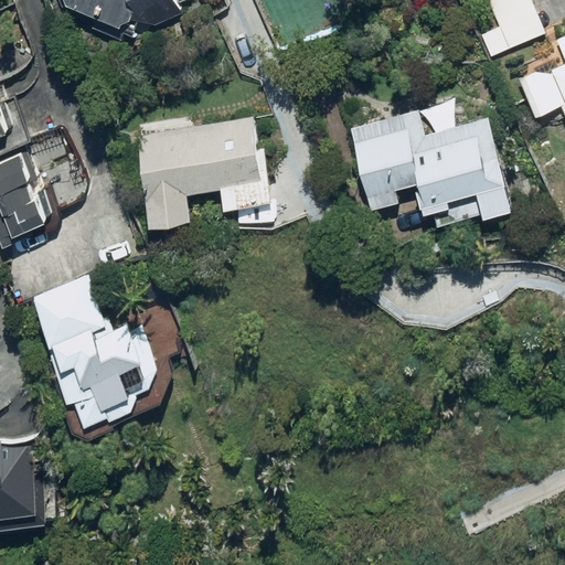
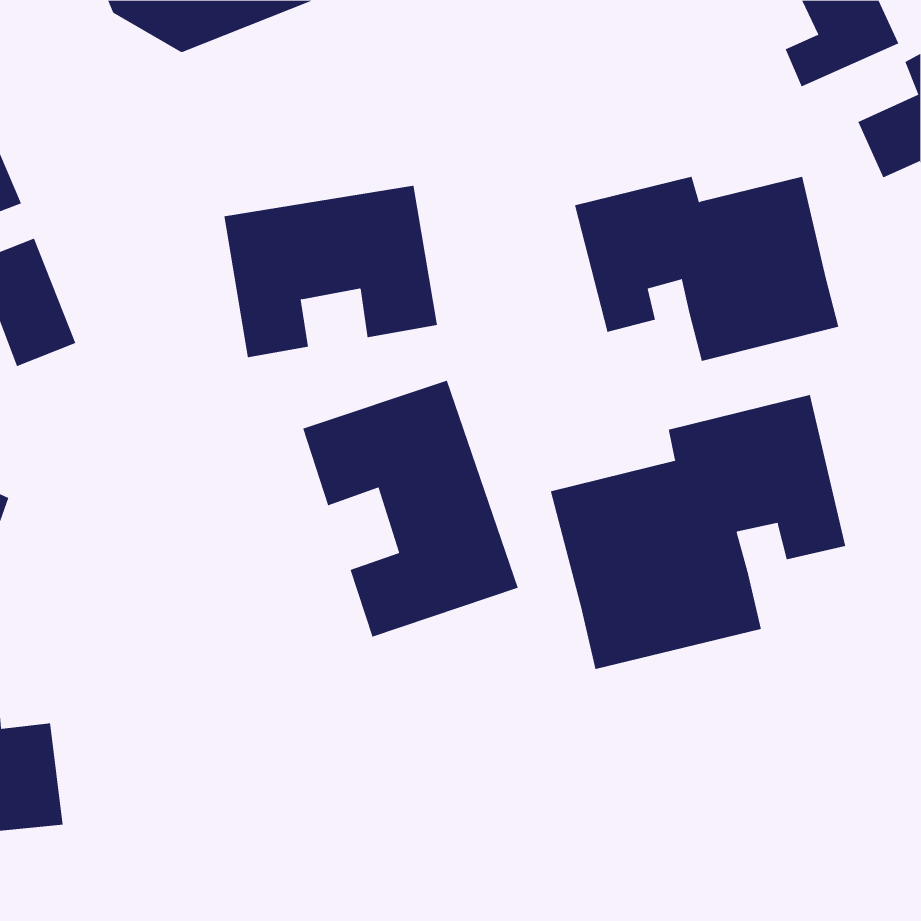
building: none -> [303,380,519,638]
building: none -> [550,394,846,670]
building: [31,276,169,429] -> none

